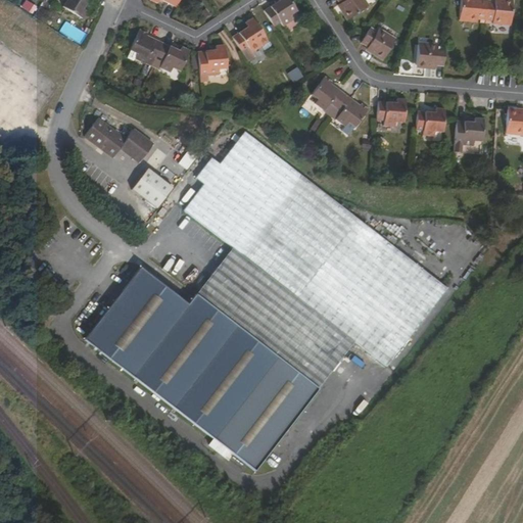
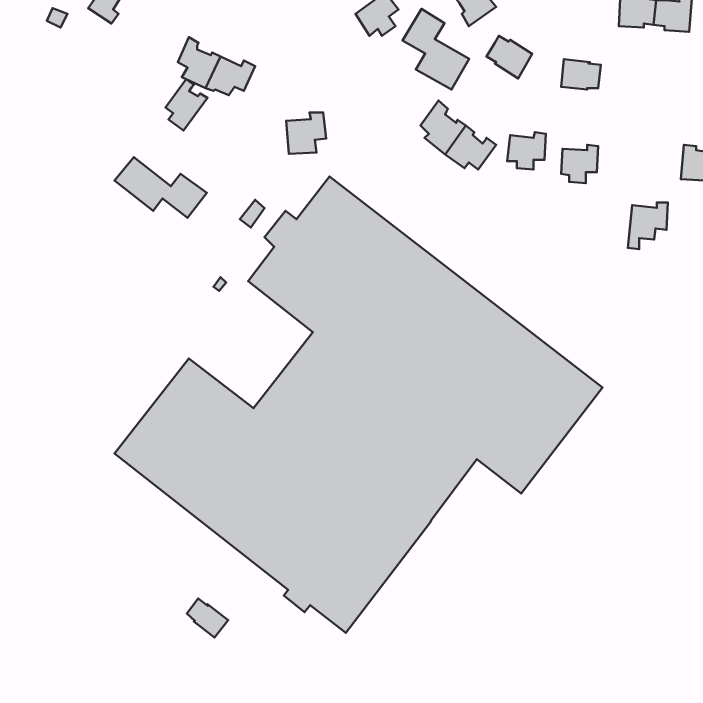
building: none -> [402,9,469,90]
building: [233,17,265,52] -> none
building: [198,45,228,76] -> [286,112,326,154]
building: none -> [166,79,208,131]
building: [454,117,483,152] -> [628,202,668,249]
building: [131,171,172,210] -> none
building: none -> [187,598,228,638]

